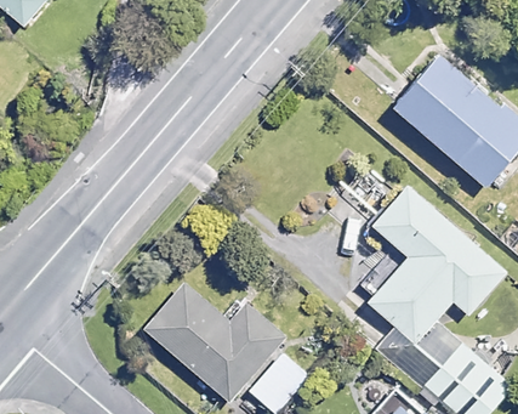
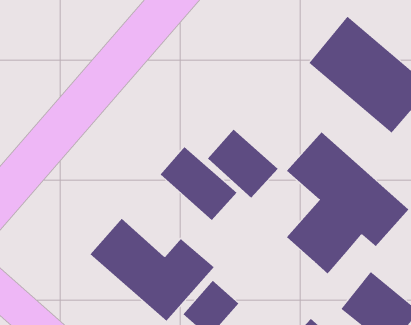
building: none -> [207,129,278,199]
building: none -> [160,146,237,221]

